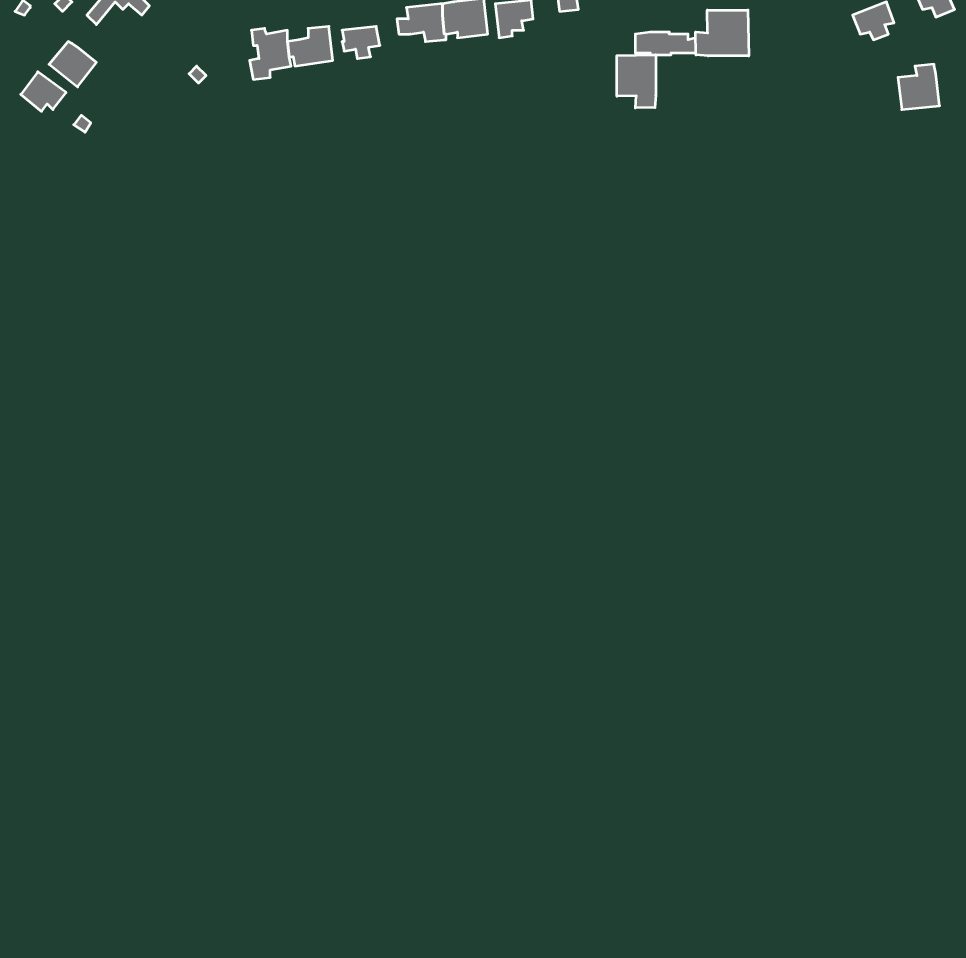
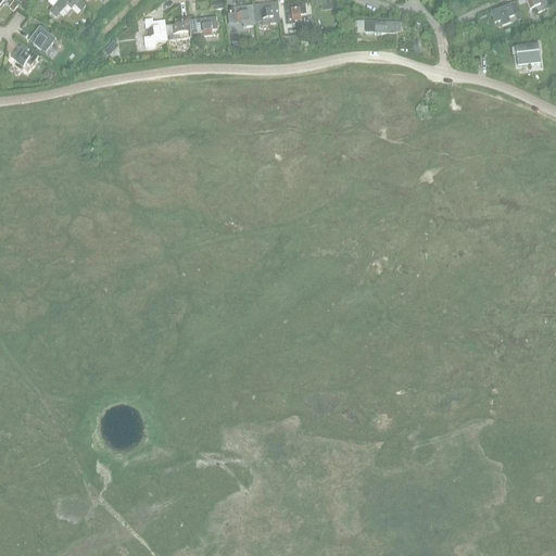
building: [696,10,749,56] -> none
building: [617,55,656,108] -> none

